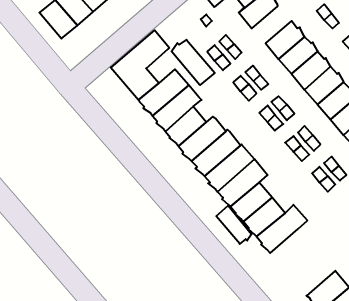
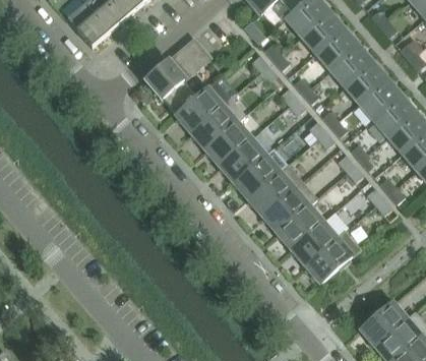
building: none -> [299,11,343,52]
building: [172,40,215,85] -> none
building: [216,206,252,244] -> none

